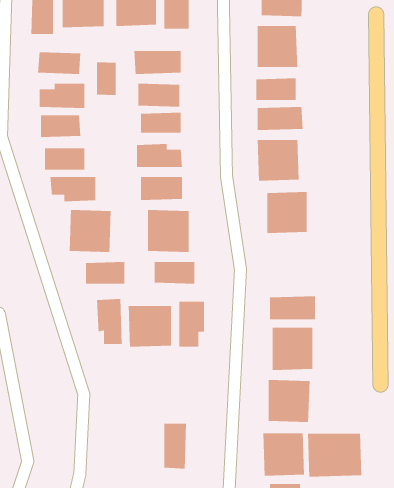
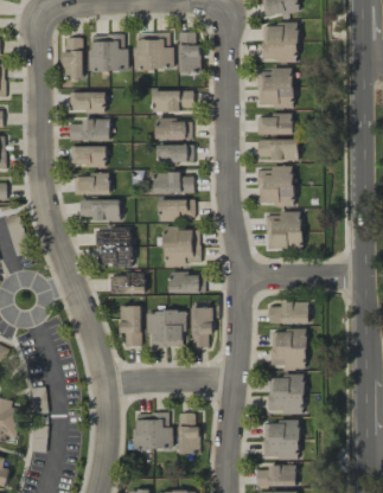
building: [96,62,116,96] -> none
building: none -> [134,412,171,449]
building: [307,433,362,477] -> none

